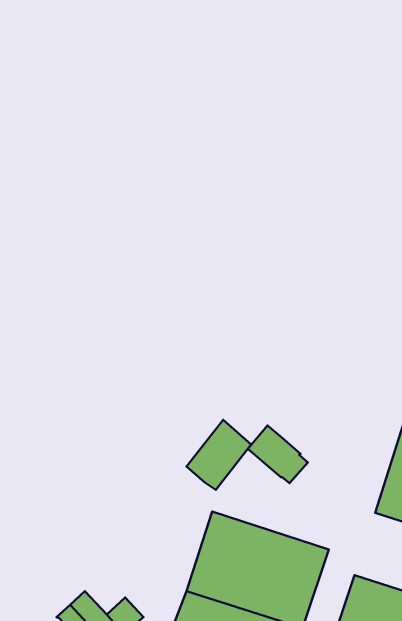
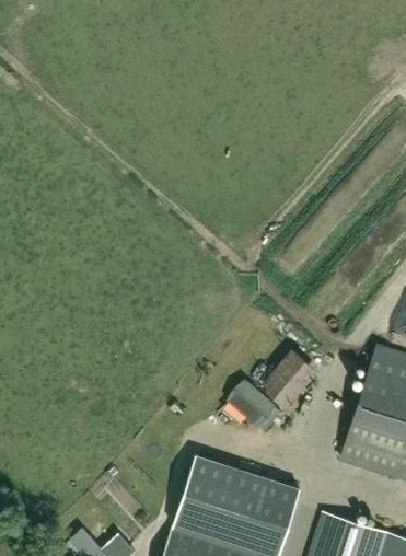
building: [186,420,251,490] -> [257,349,315,412]

